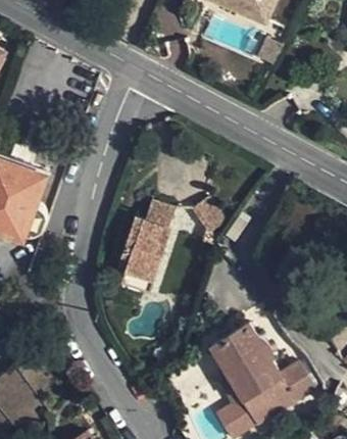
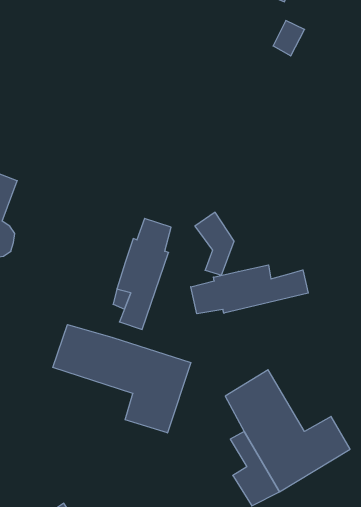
building: none -> [191,265,308,314]
building: none -> [53,325,191,433]

